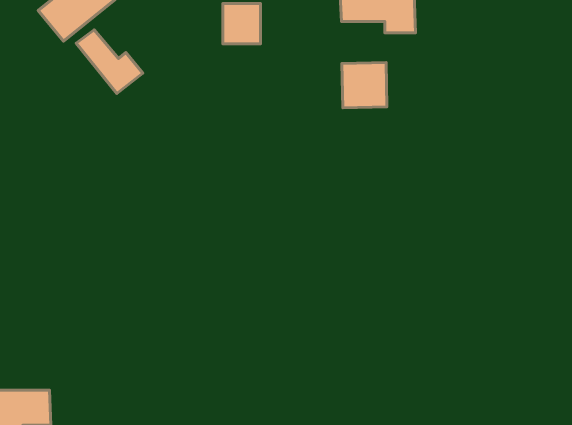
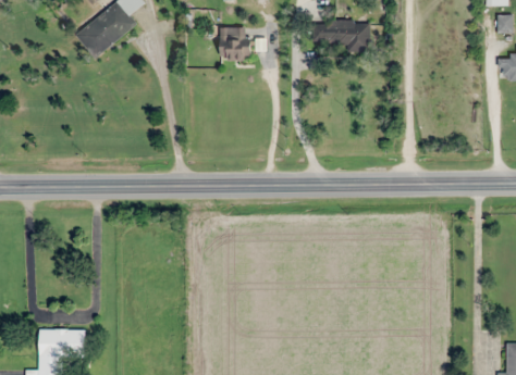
building: [76,30,143,93] -> none
building: [342,63,387,108] -> none

